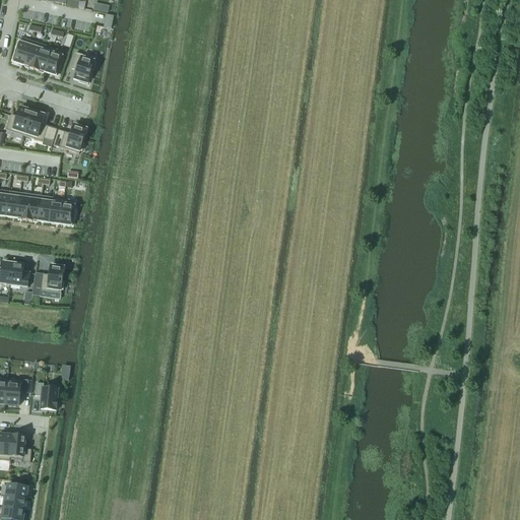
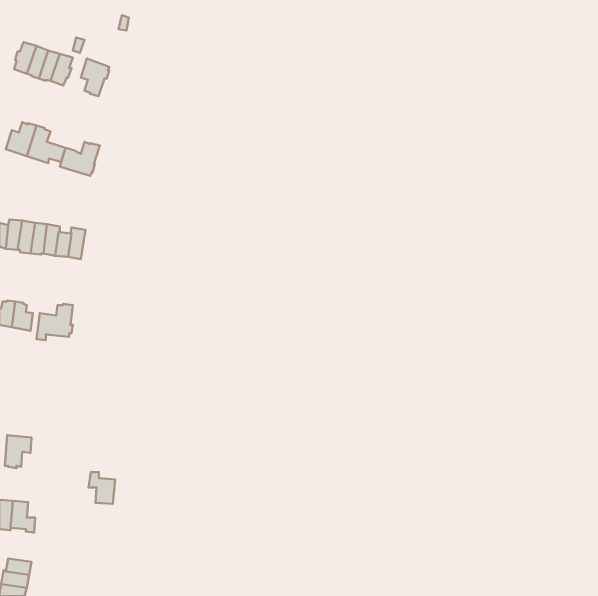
building: [34,382,57,409] -> [88,472,115,504]

